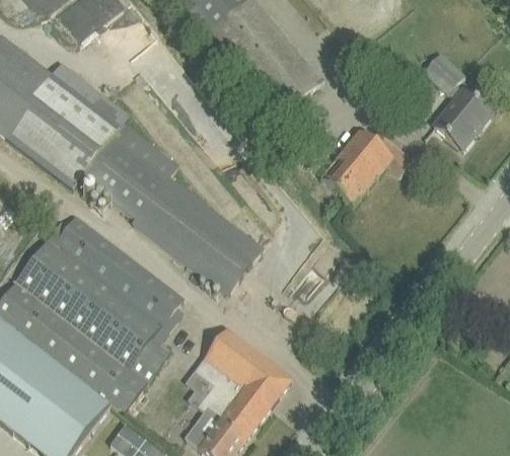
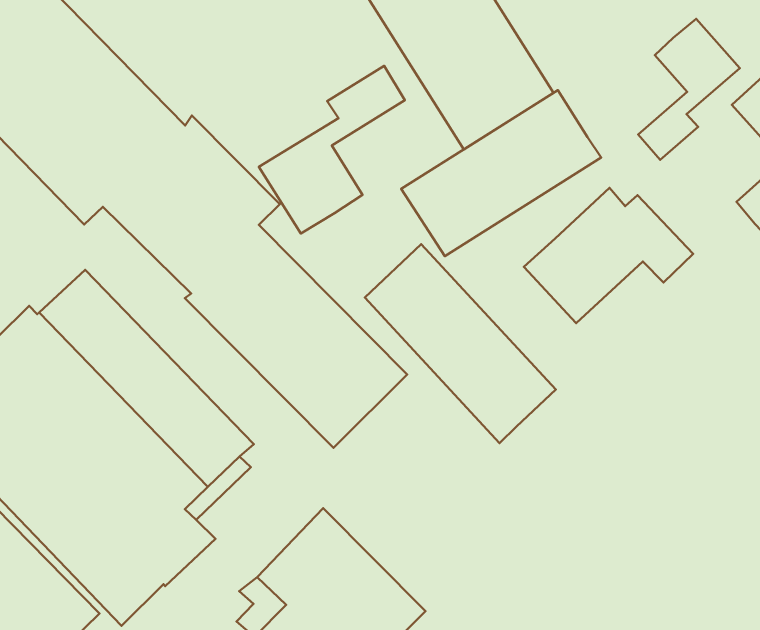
building: none -> [638,19,740,160]
building: none -> [259,66,405,233]
building: none -> [401,90,601,256]
building: none -> [365,244,556,443]

